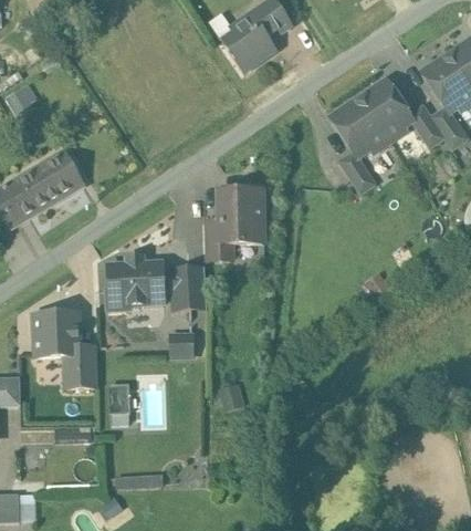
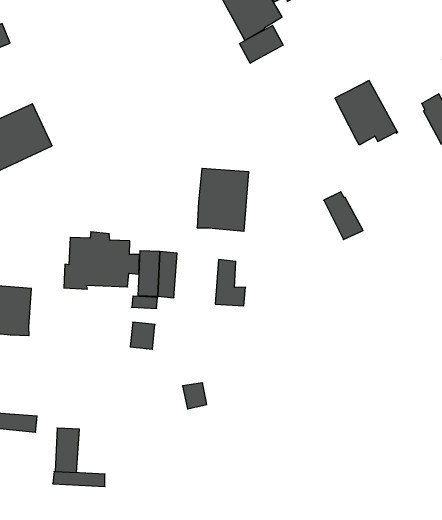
building: none -> [240,25,283,63]
building: [359,81,411,142] -> none
building: [338,152,376,194] -> [324,192,363,240]
building: [203,221,230,261] -> [215,260,246,306]
building: [64,346,96,387] -> none
building: [107,382,128,421] -> [55,428,79,472]

